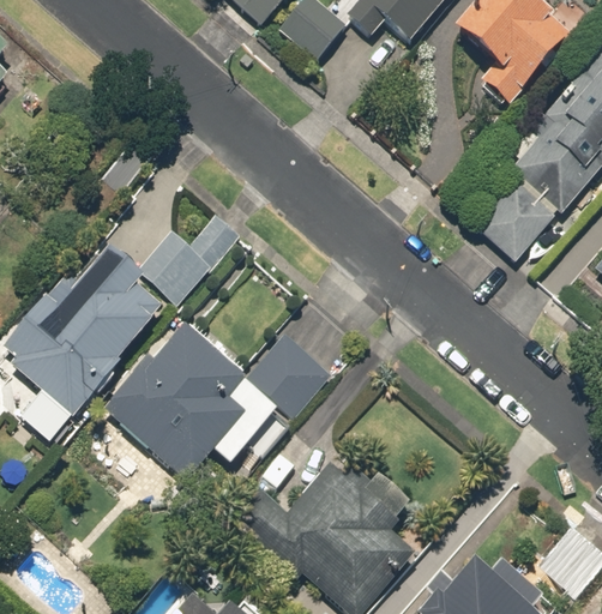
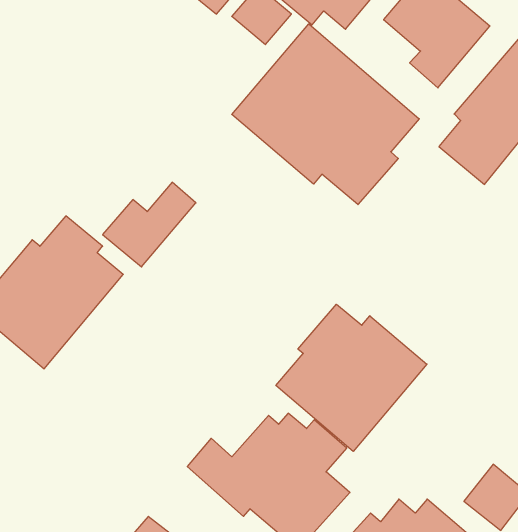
building: none -> [232,24,419,205]
building: [476,182,554,260] -> none
building: [104,320,336,477] -> none
building: none -> [276,304,427,451]

